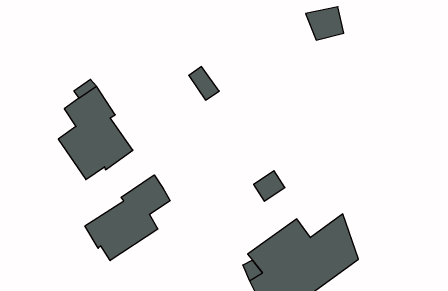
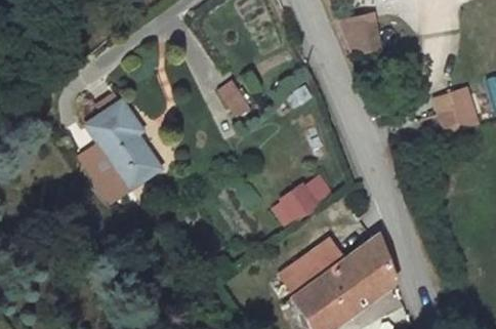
building: none -> [436,85,483,133]
building: [85,175,170,261] -> none

